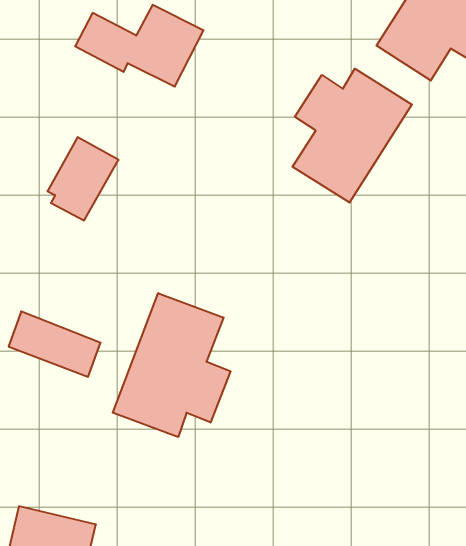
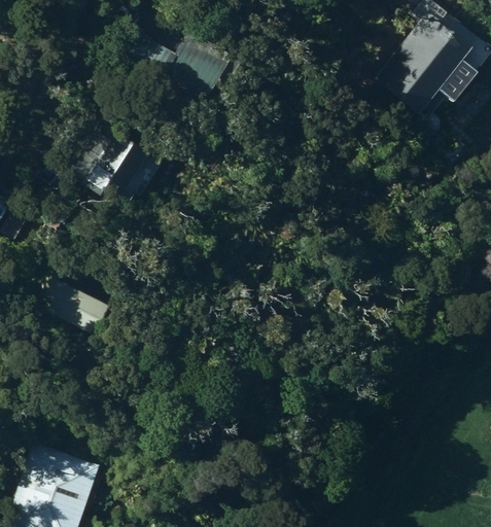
building: [292,69,412,203] -> none
building: [113,293,231,437] -> none

